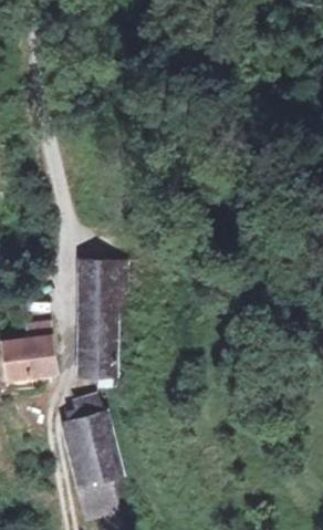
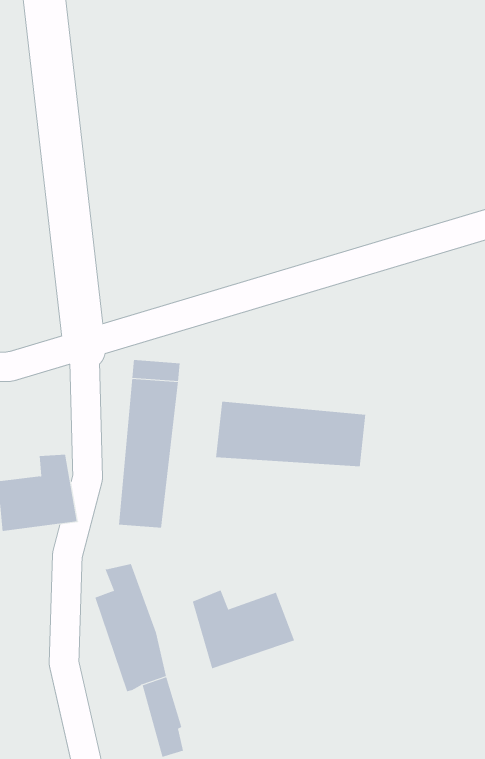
building: none -> [216,401,366,467]
building: none -> [192,589,295,669]

